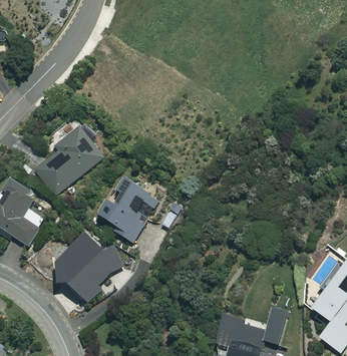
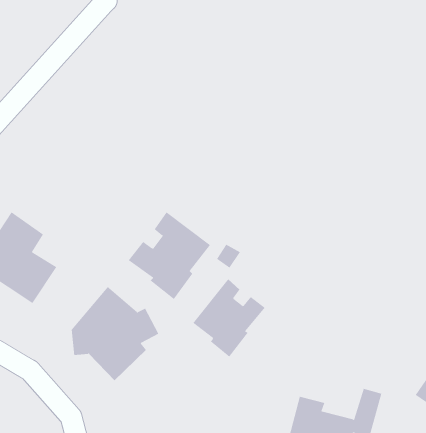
building: [34,126,103,195] -> none
building: none -> [192,278,265,358]

